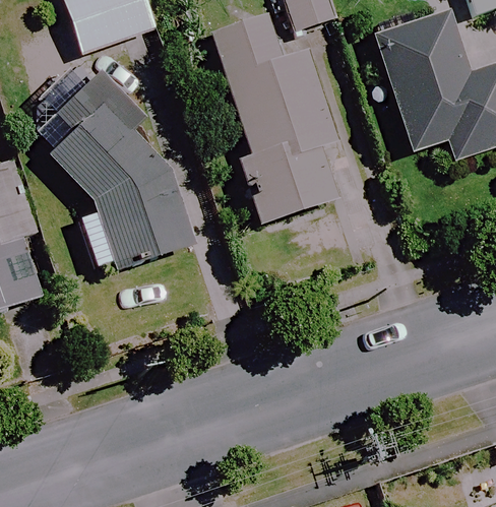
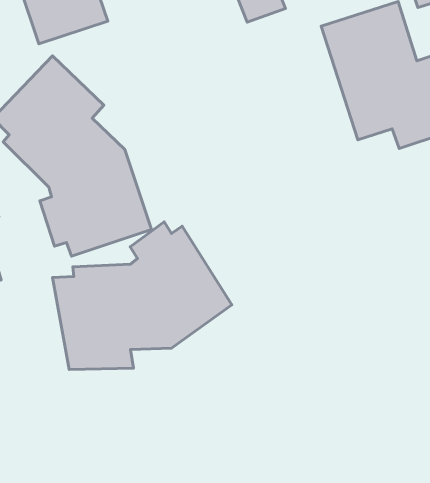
building: [213,17,343,223] -> none
building: none -> [53,222,232,370]

